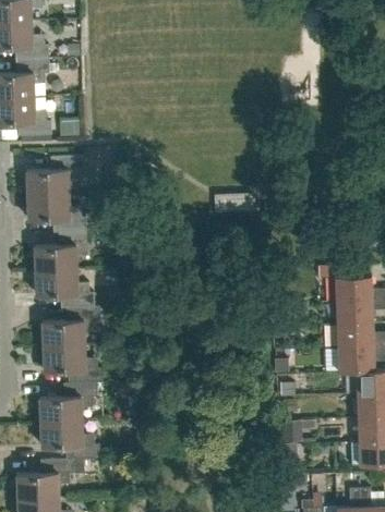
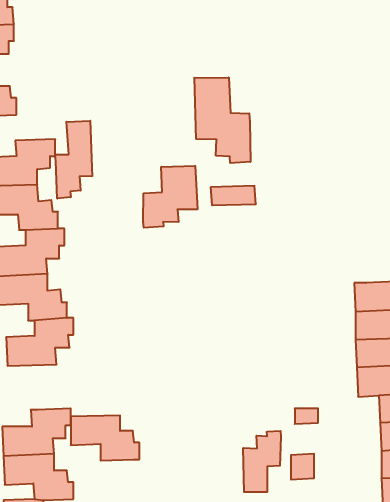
building: none -> [194,77,250,163]
building: none -> [55,121,92,199]
building: none -> [143,166,197,228]
building: [43,345,100,383] -> [71,415,139,461]
building: none -> [243,431,281,492]

